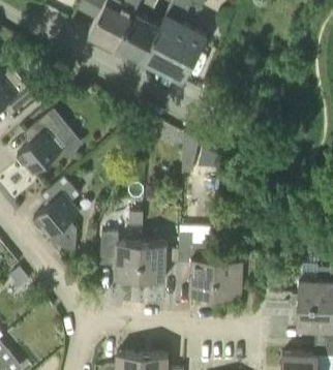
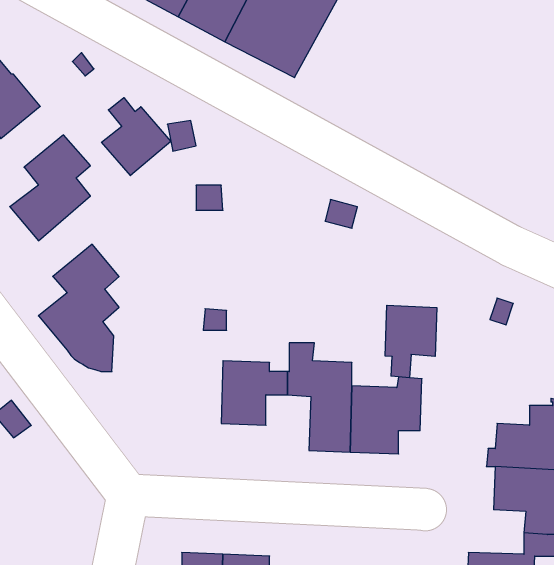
building: none -> [102,98,171,176]
building: none -> [385,305,437,378]
building: [100,233,140,280] -> none

